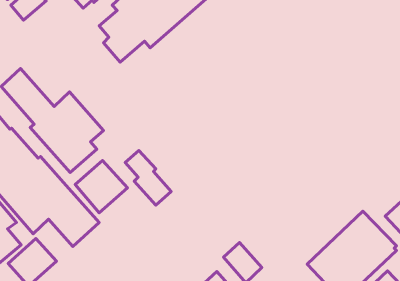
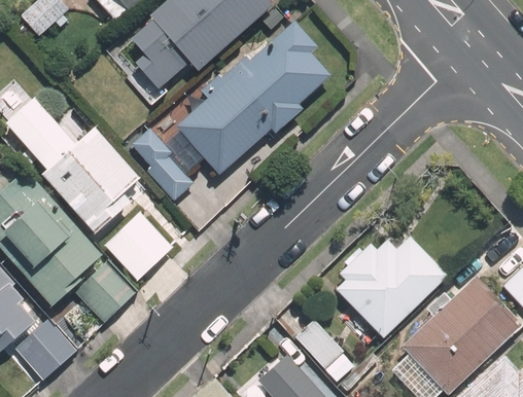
building: none -> [177,22,328,172]
building: [125,150,171,205] -> [135,130,194,200]
building: none -> [335,237,446,337]

